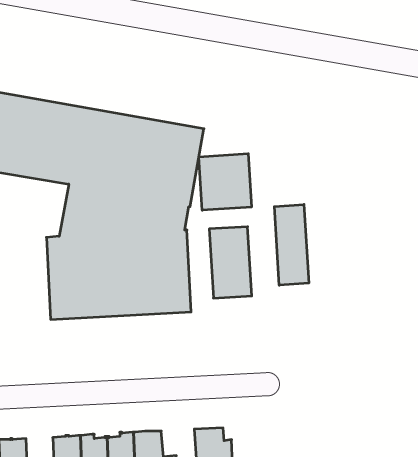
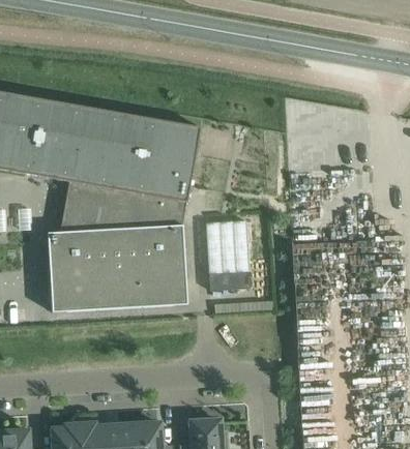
building: [199,154,251,210] -> none
building: [274,204,309,285] -> none

